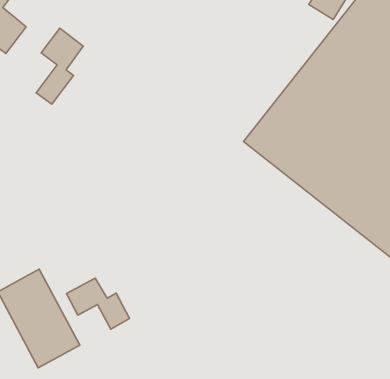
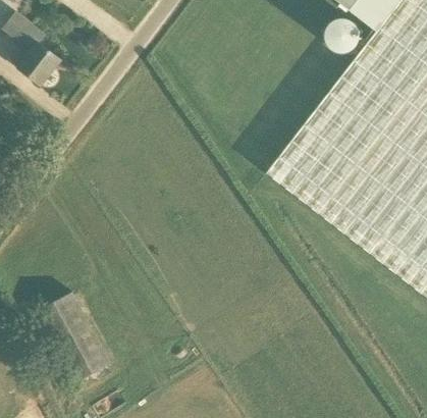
building: [36,28,83,104] -> none
building: [67,278,129,329] -> none

